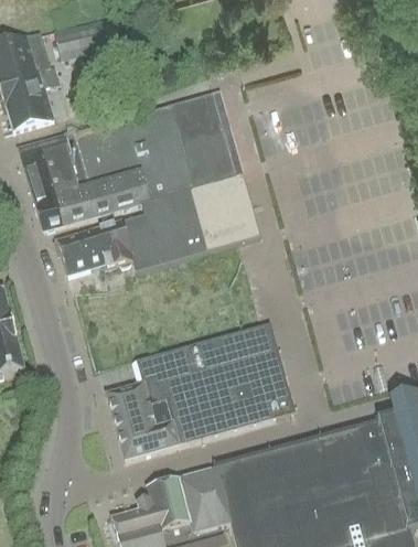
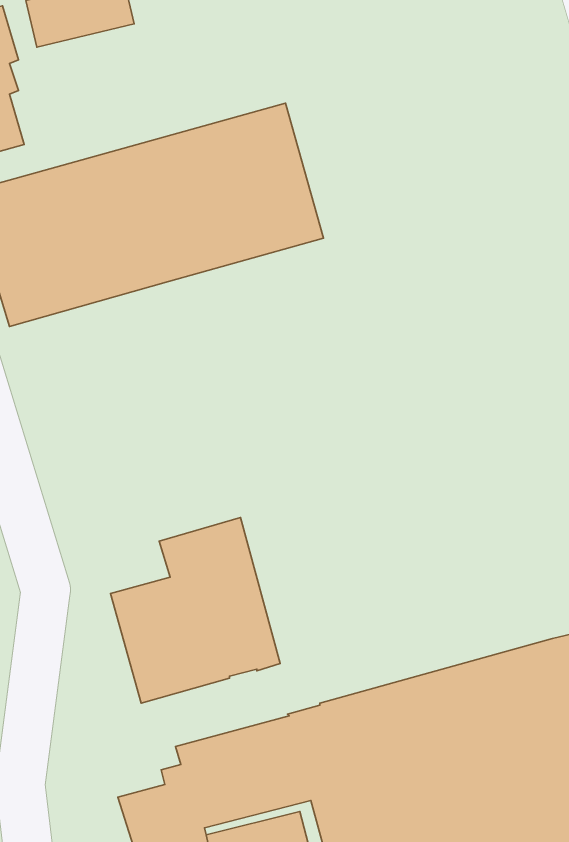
building: [56,173,260,276] -> none
building: [185,322,294,436] -> none

